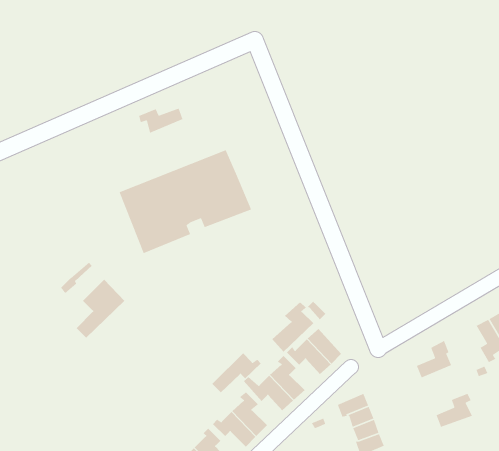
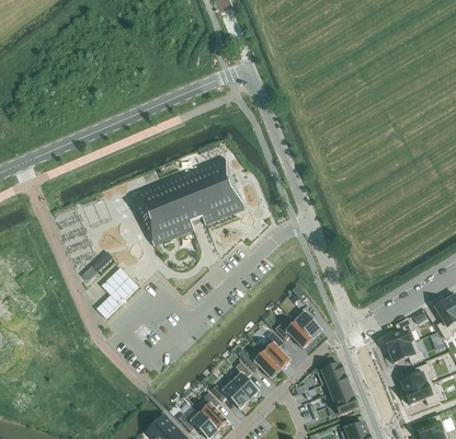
building: [138,108,184,134] -> none
building: [272,301,314,352] -> none
building: [212,352,262,393] -> none
building: none -> [388,339,424,362]
building: none -> [404,382,441,404]

